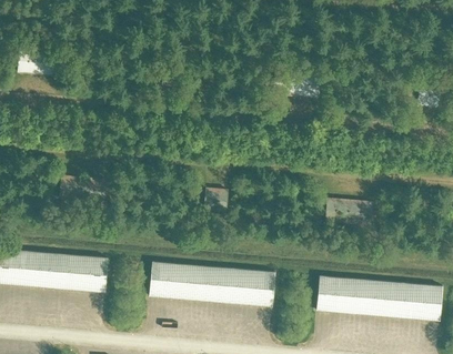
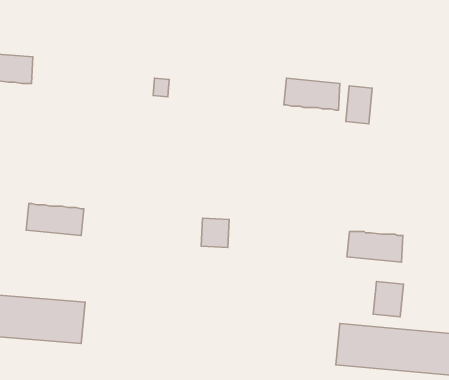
building: none -> [346,86,372,124]
building: none -> [373,281,403,317]
building: [149,261,275,306] -> none

